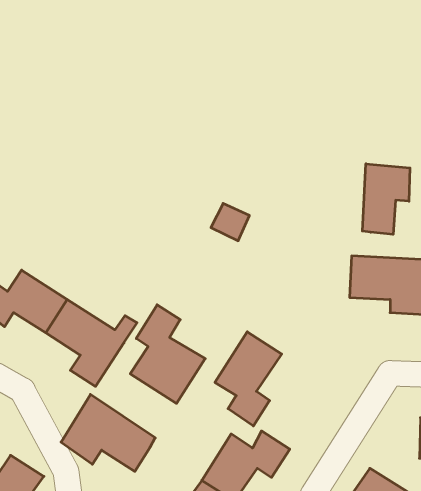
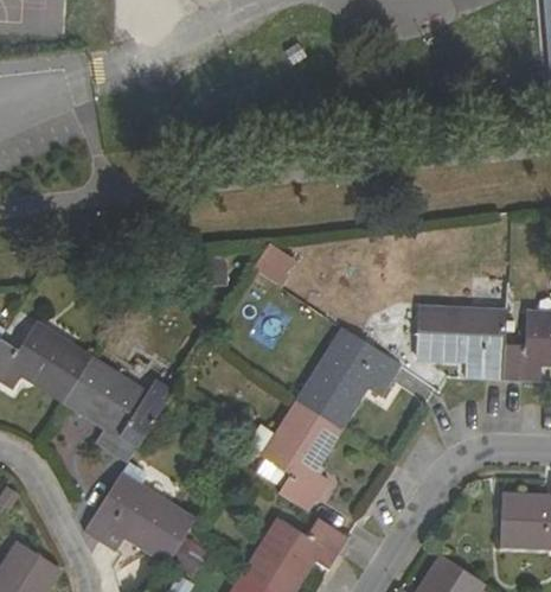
building: [362,164,410,234] -> none
building: none -> [299,327,399,424]
building: [130,305,205,403] -> none

